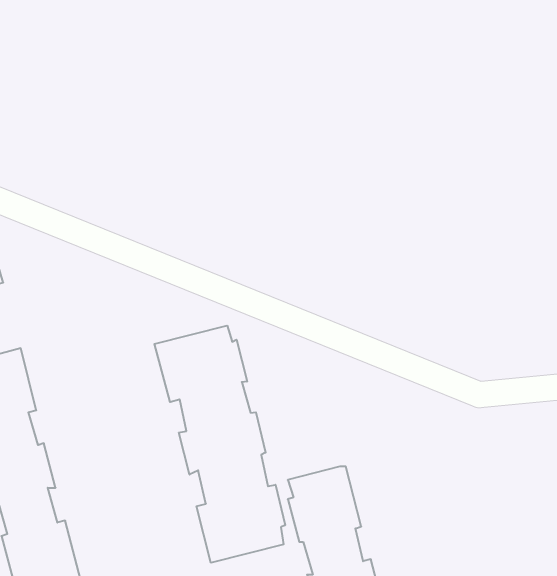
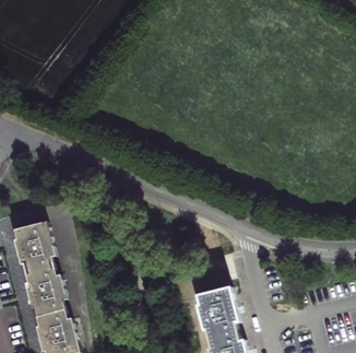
building: [154,326,285,563] -> none

